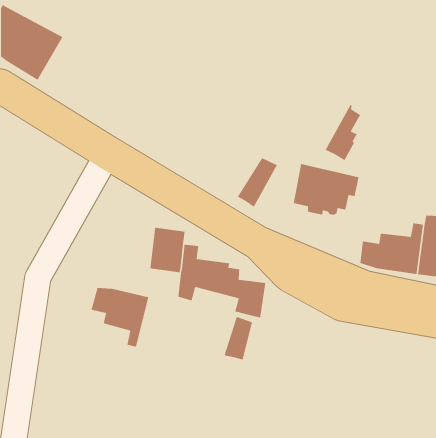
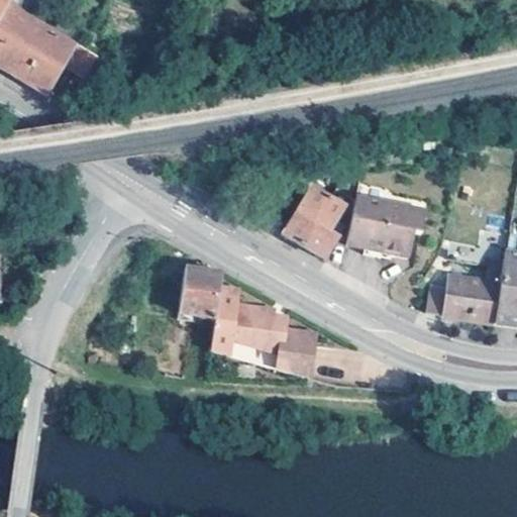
building: [324,104,361,161] -> [302,191,345,258]
building: [91,287,149,347] -> none
building: [223,313,253,360] -> none

